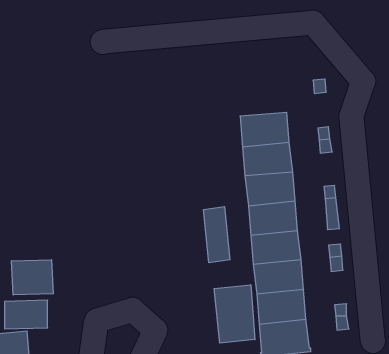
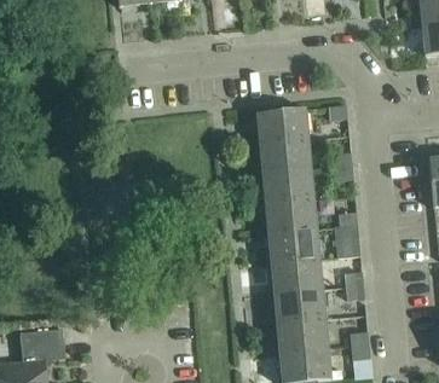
building: none -> [255,106,307,141]
building: [204,207,230,263] -> none
building: [12,260,53,295] -> none
building: [214,285,255,343] -> none

